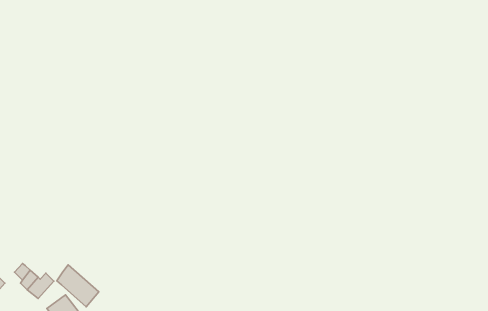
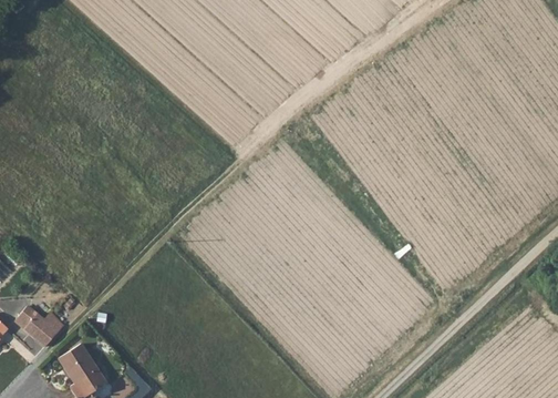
building: [57,265,99,307] -> none

